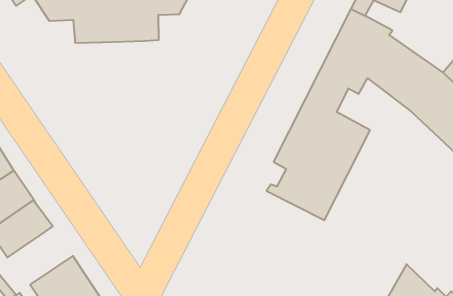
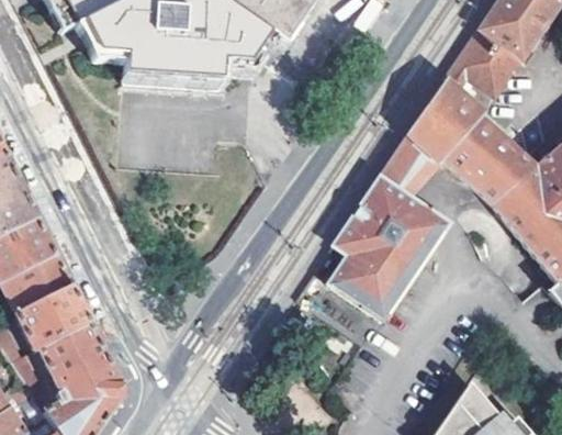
building: none -> [14,287,91,353]

